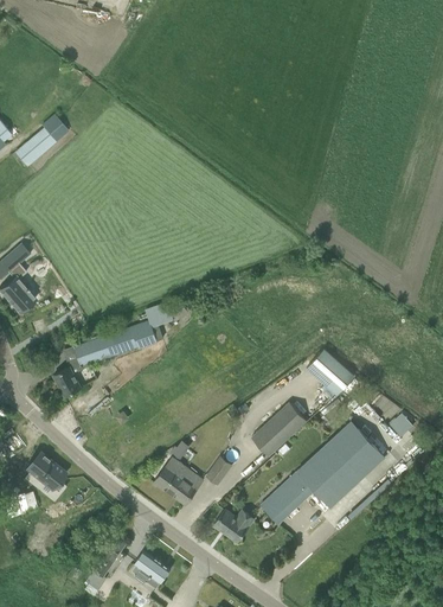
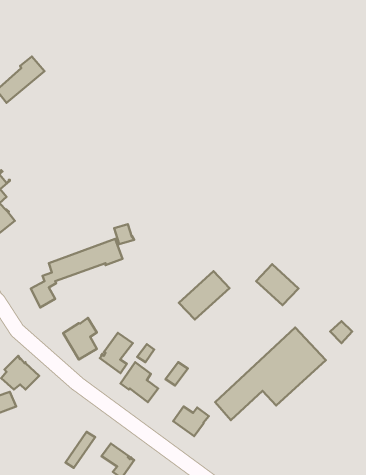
building: [251,401,308,455] -> [179,271,229,320]
building: none -> [63,318,97,360]
building: none -> [100,333,133,373]

